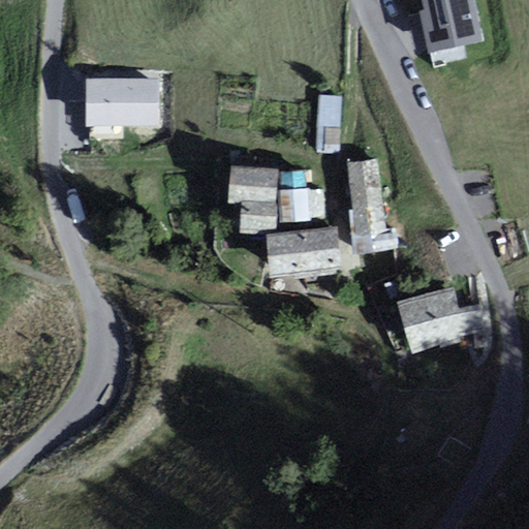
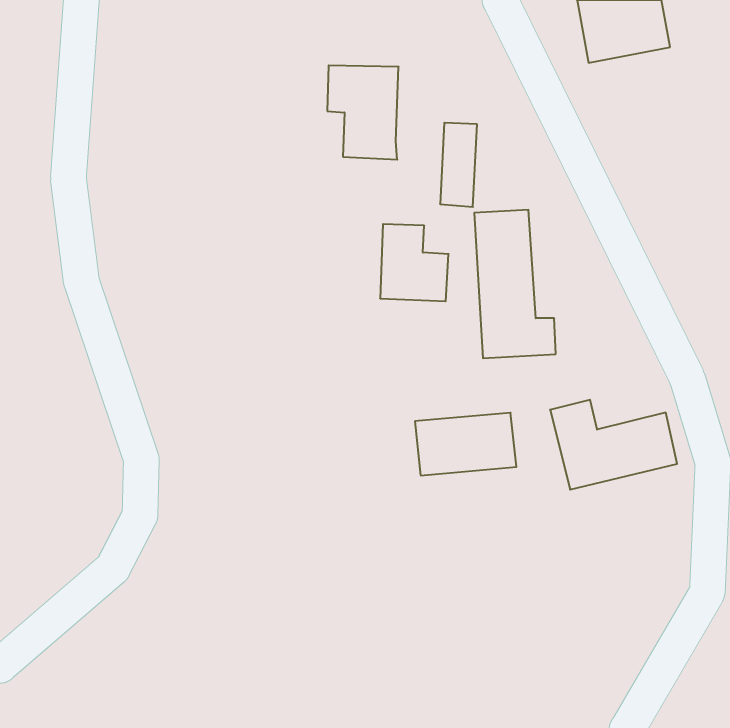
building: [87,83,155,126] -> none
building: [225,162,277,230] -> [327,65,399,160]
building: [266,230,339,276] -> [415,413,516,475]

